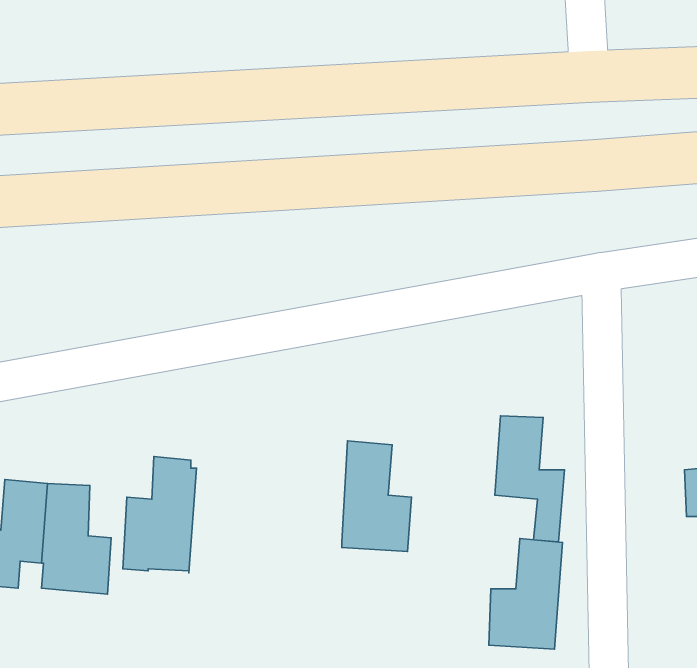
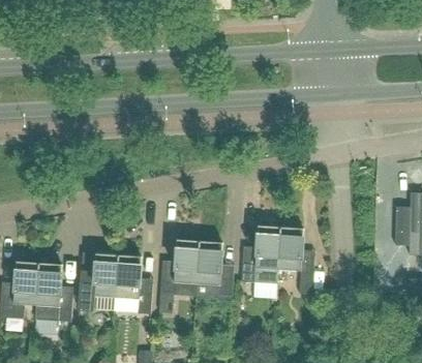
building: none -> [158,239,199,312]
building: none -> [114,254,152,313]
building: [489,539,562,649] -> [241,224,280,283]

